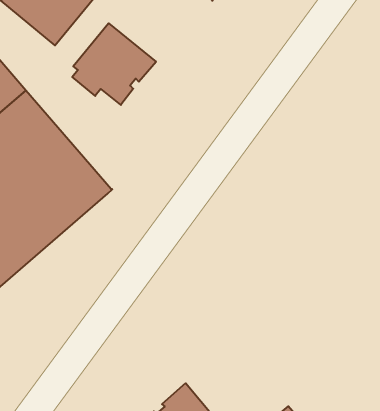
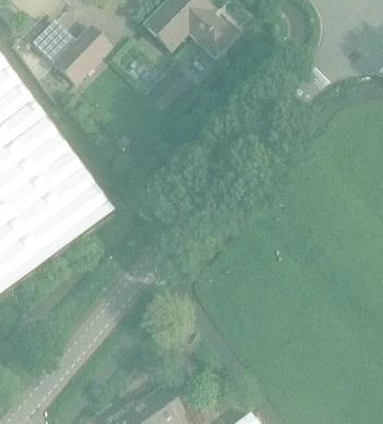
building: [72,23,156,105] -> none

